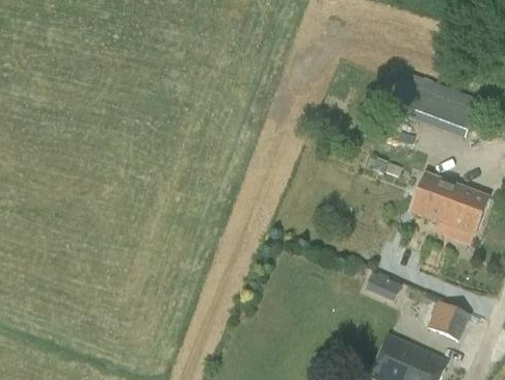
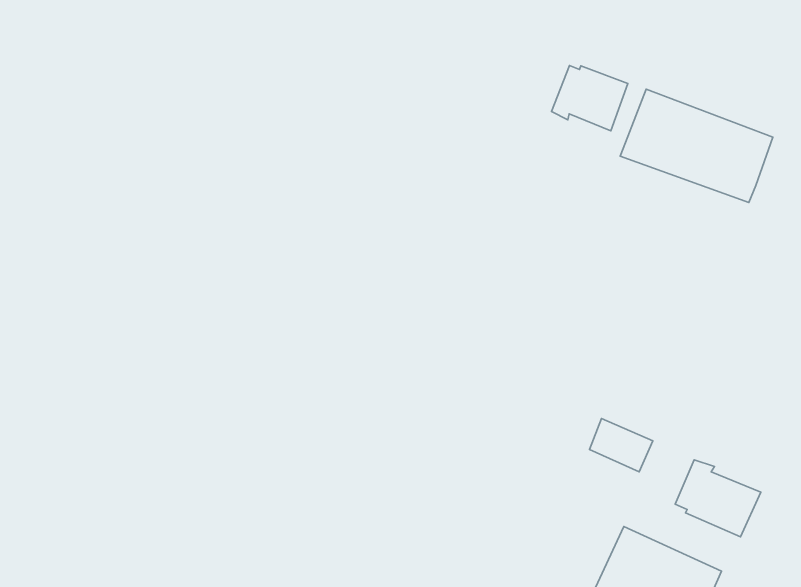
building: none -> [551,65,628,131]
building: [411,171,489,235] -> none

